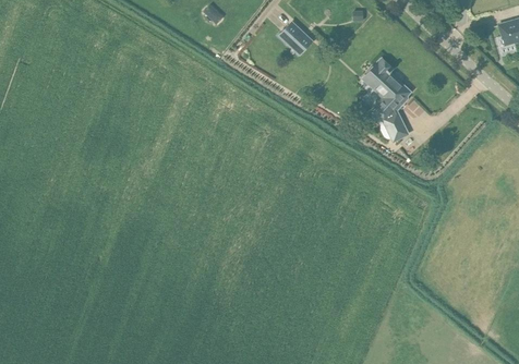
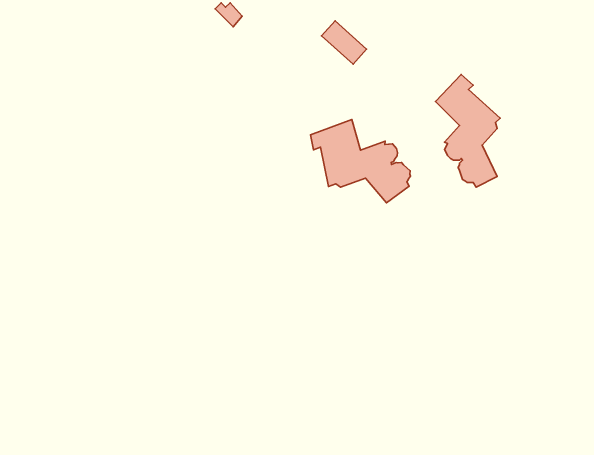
building: none -> [311,119,410,203]

